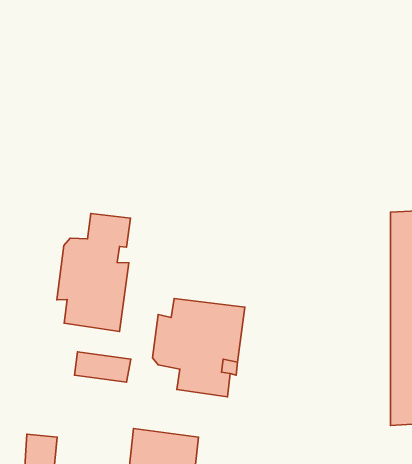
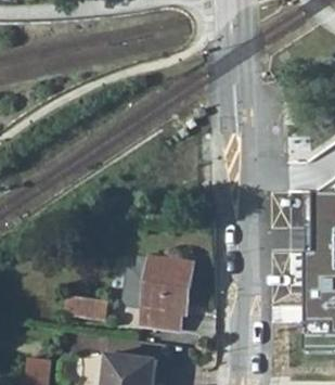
building: [57,214,130,332] -> none

